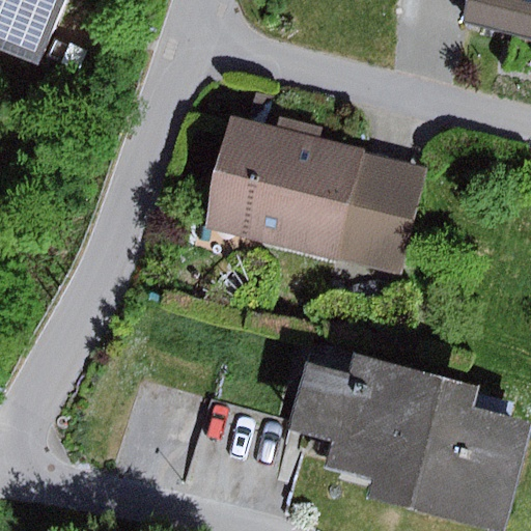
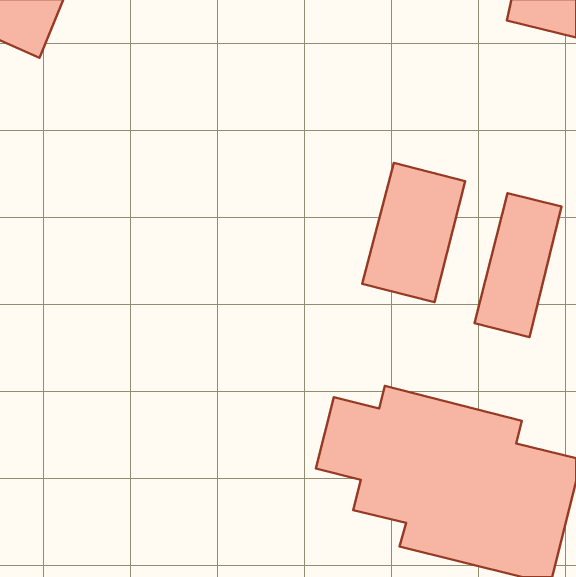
building: [201,116,361,260] -> none
building: none -> [475,193,562,337]

